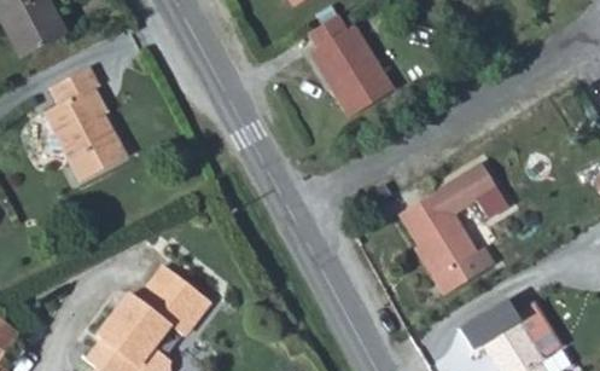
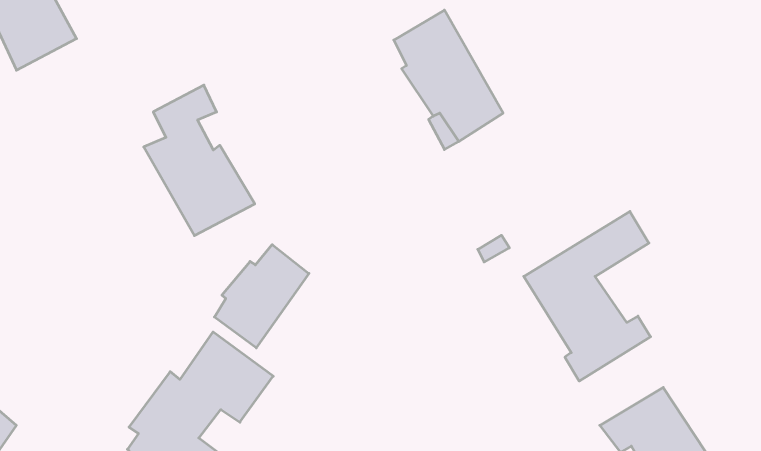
building: [41,65,126,180] -> [144,85,255,236]
building: none -> [214,245,309,348]

